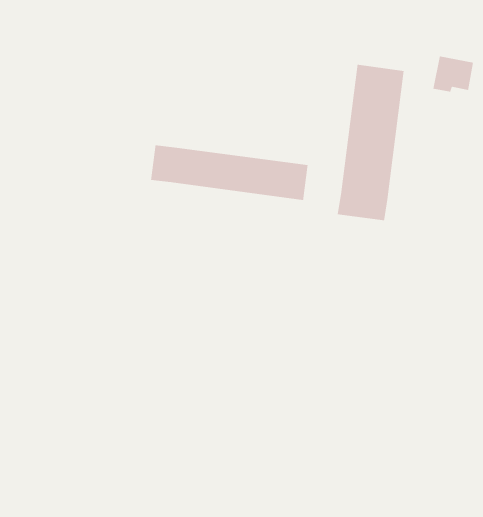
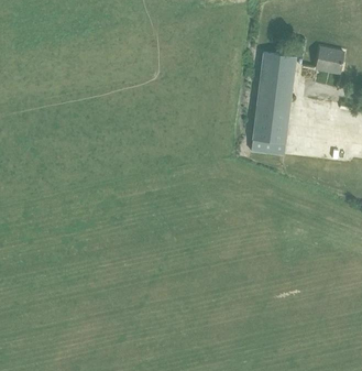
building: [151,144,308,201] -> none

